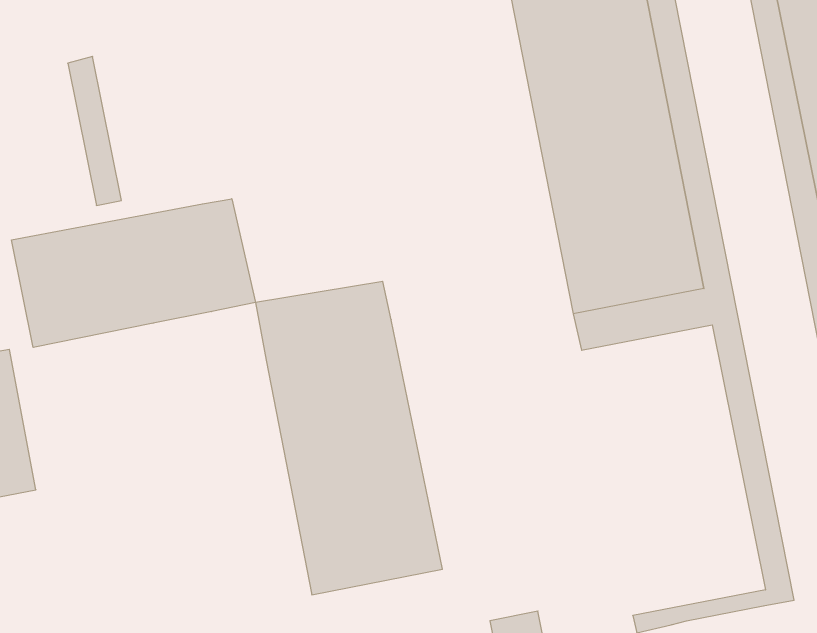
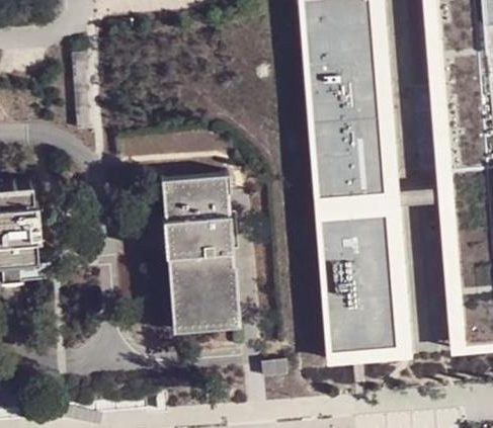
building: [12,199,255,347] -> none
building: none -> [321,219,401,363]

